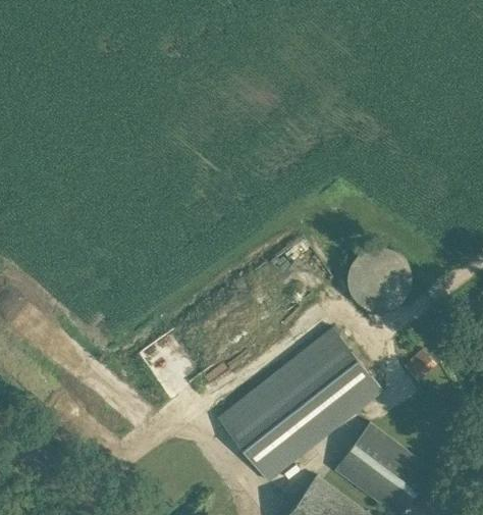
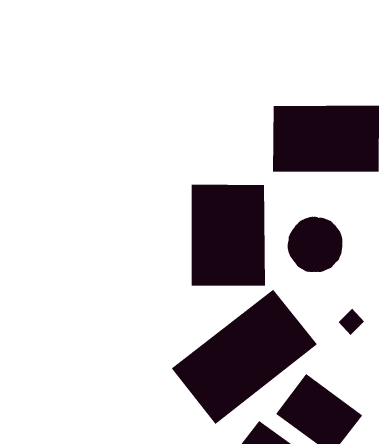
building: none -> [272,105,379,173]
building: none -> [191,184,265,287]

